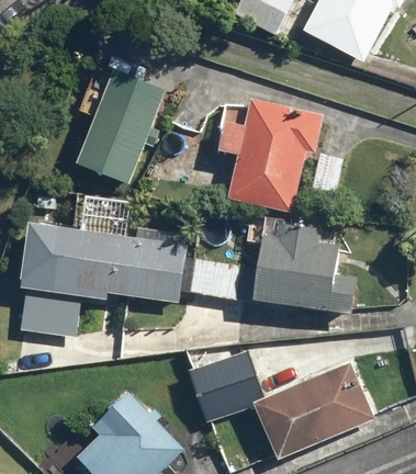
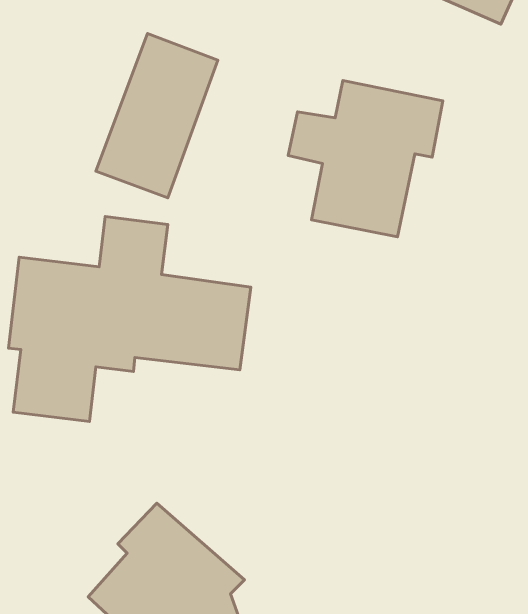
building: [256,221,358,312] -> none
building: [188,352,374,460] -> none

